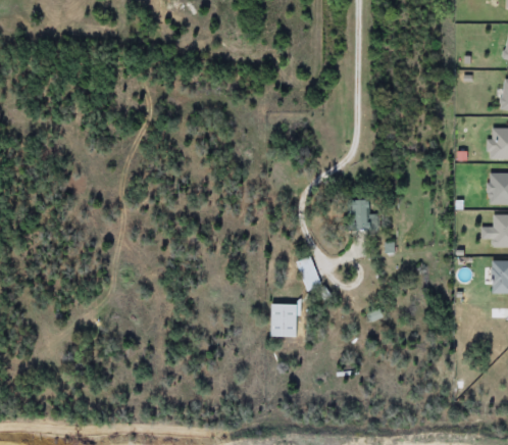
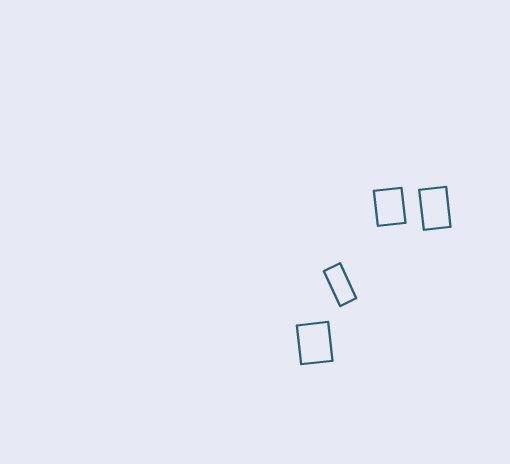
building: none -> [419,187,451,230]

